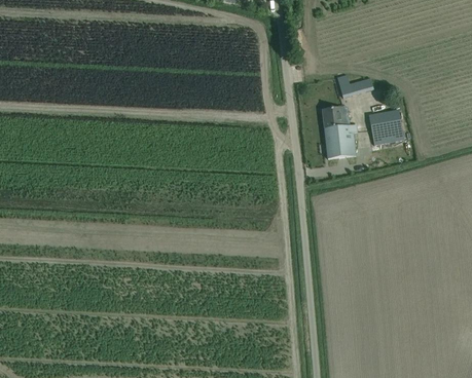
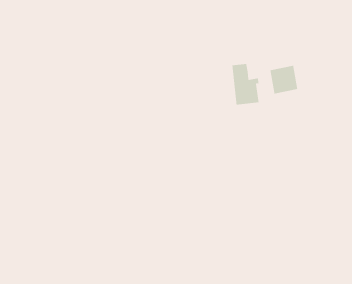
building: [338,74,373,97] -> none

